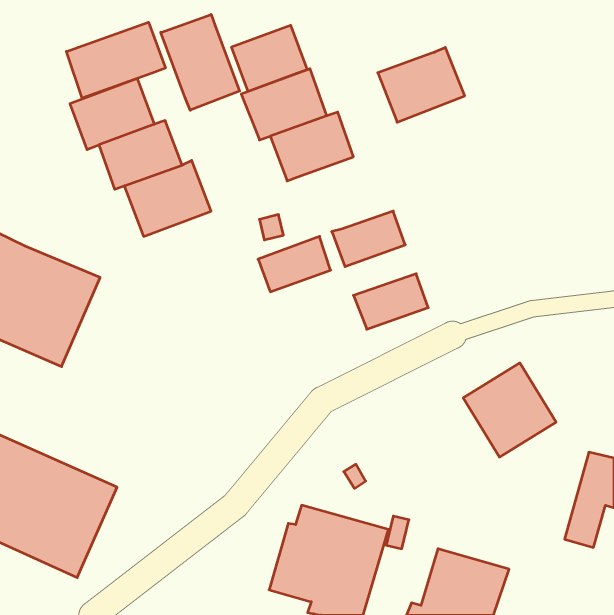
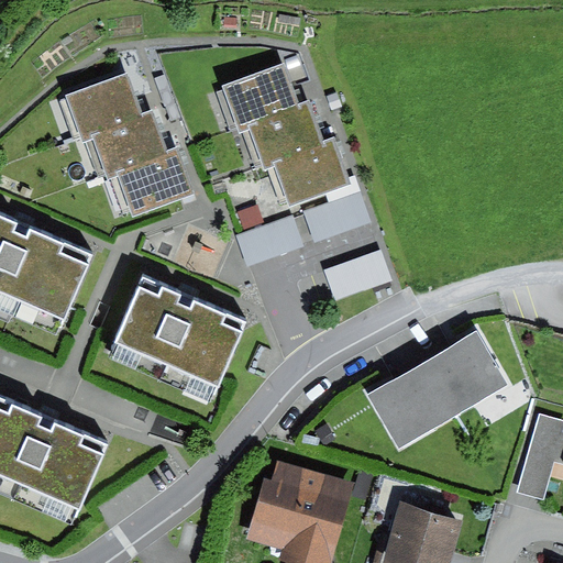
building: [161,14,240,110] -> none
building: [66,22,165,98] -> none
building: [232,25,307,91] -> none
building: [378,47,465,122] -> [271,139,350,207]
building: none -> [107,277,246,404]
building: none -> [365,363,455,450]

